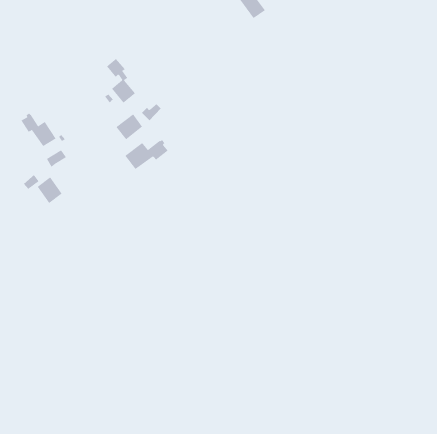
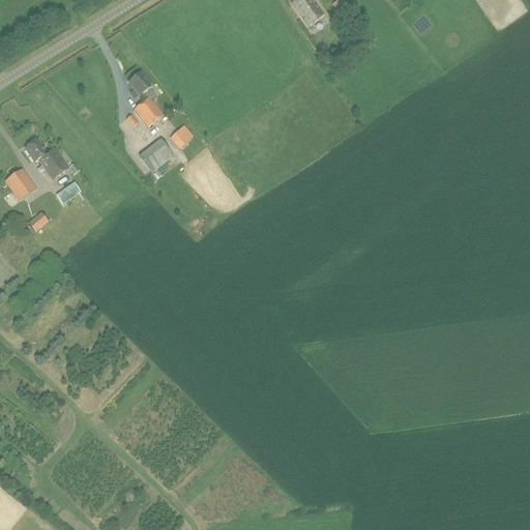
building: [124,139,169,170] -> none
building: [37,177,63,204] -> [5,167,36,200]

